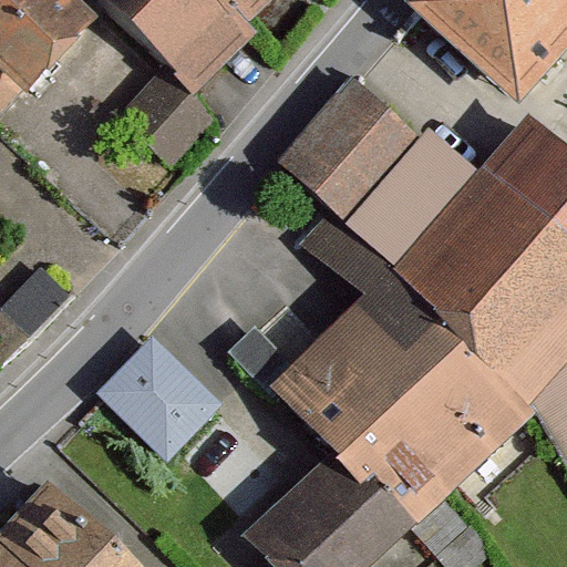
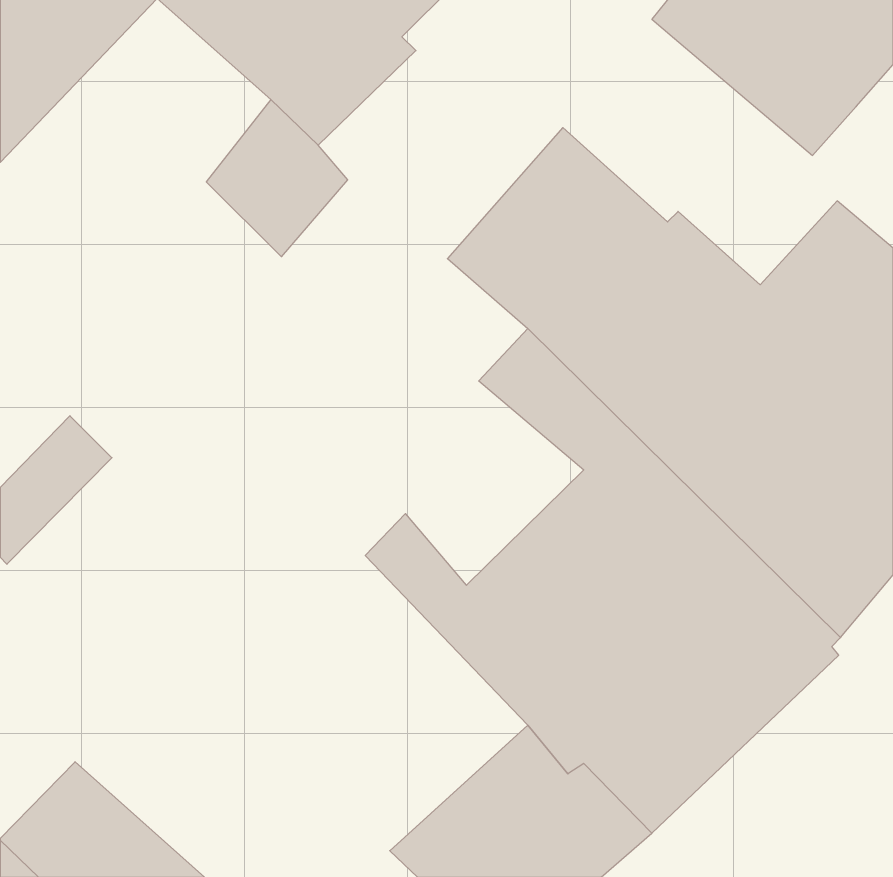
building: [104,334,221,452] -> none

